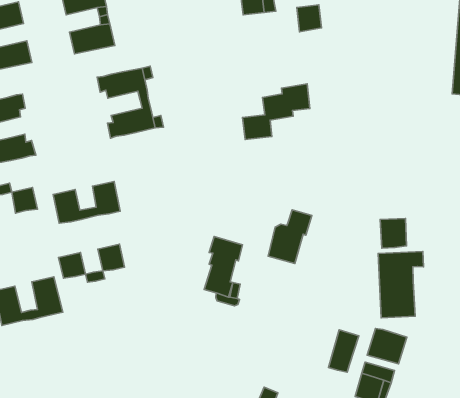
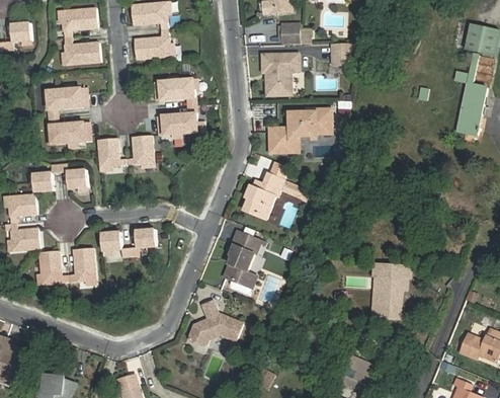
building: none -> [261,53,298,94]
building: [53,181,120,223] -> [97,136,153,166]
building: [268,210,312,264] -> [243,172,284,219]
building: [380,218,407,248] -> none
building: none -> [187,298,241,342]
building: [367,329,407,364] -> none
building: [328,330,359,372] -> none

